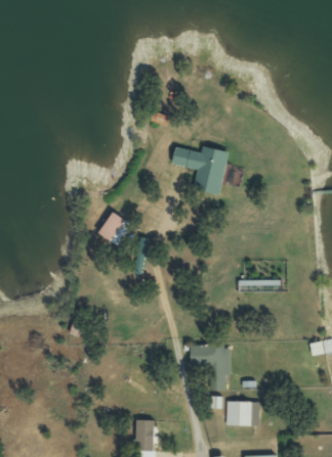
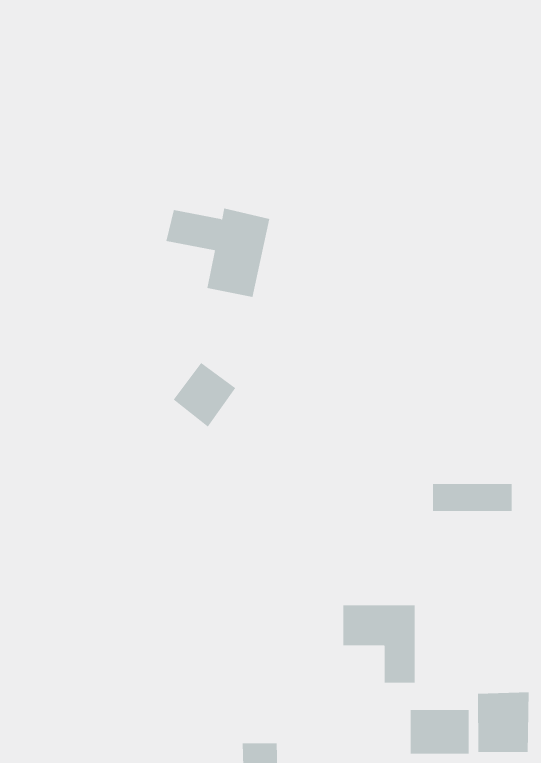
building: [170,146,227,195] -> [166,208,270,297]
building: none -> [477,691,529,753]

